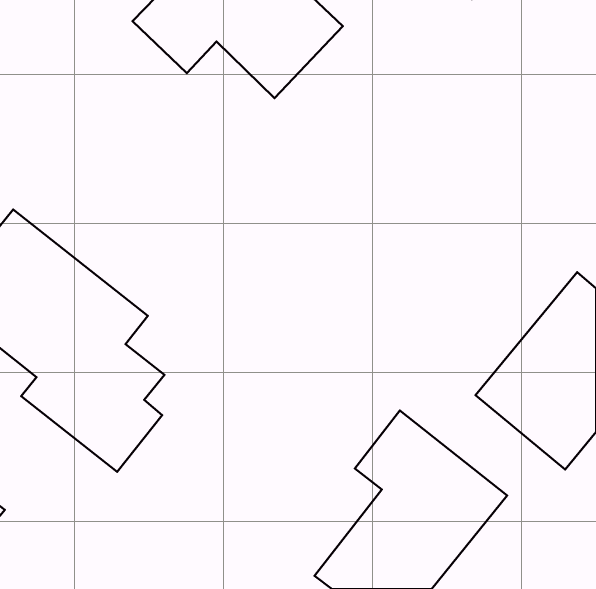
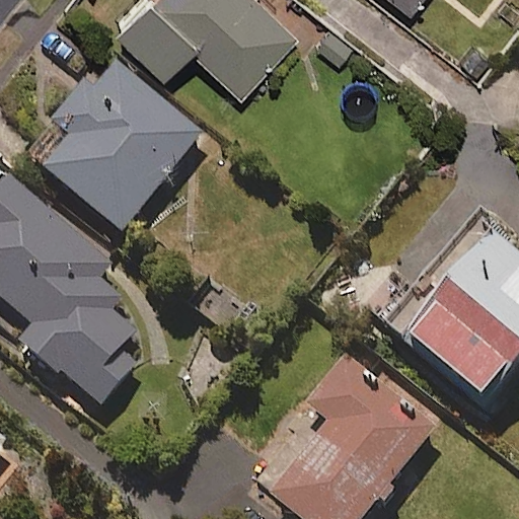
building: none -> [46,60,202,230]

